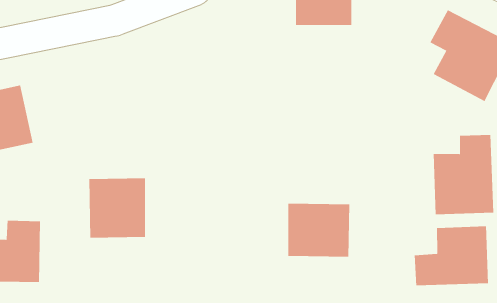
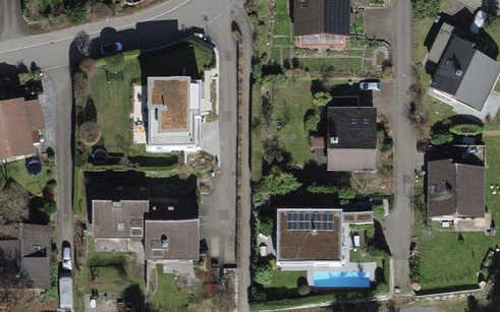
building: none -> [147,79,197,151]
building: none -> [327,93,377,169]
building: none -> [152,200,206,253]
building: [414,226,489,286] -> none

